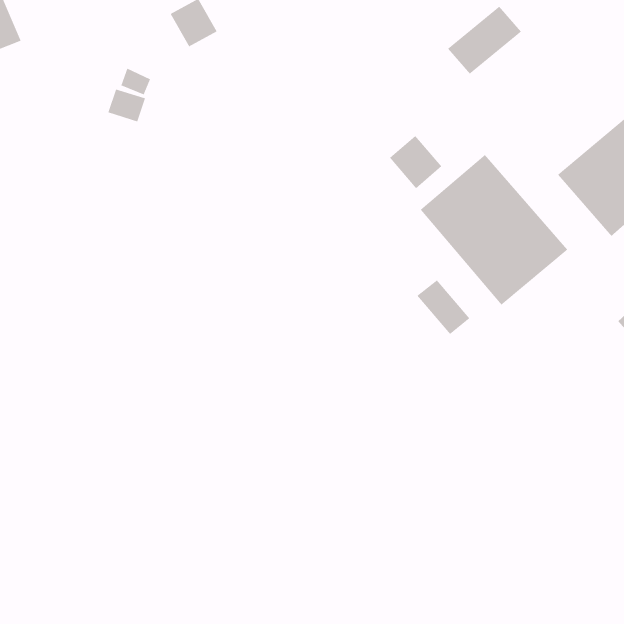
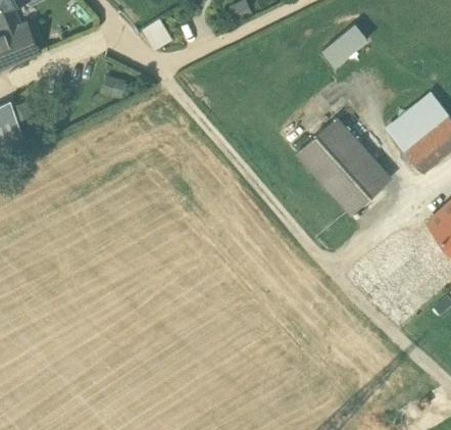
building: [389,135,442,189] -> none
building: [417,280,470,335] -> none

